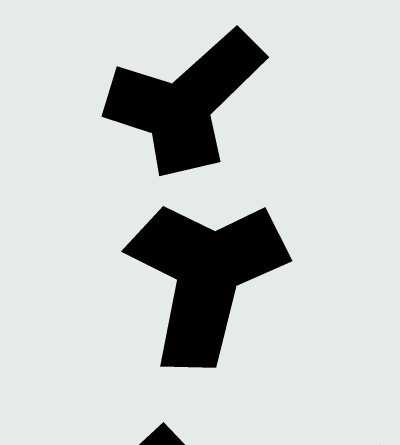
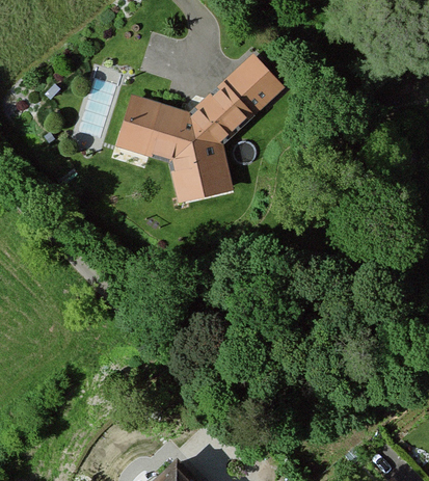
building: [120,205,294,369] -> none

